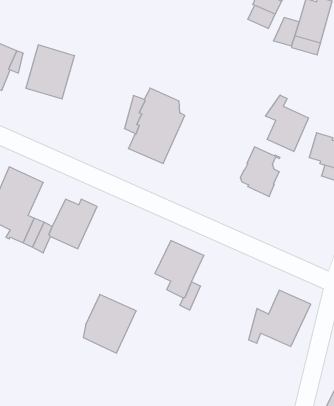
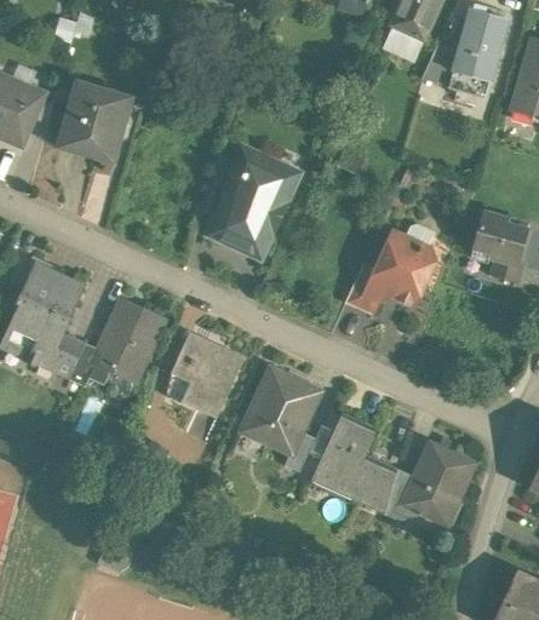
building: [266,95,308,152] -> none
building: none -> [345,263,384,312]
building: none -> [311,412,396,513]
building: [83,294,136,353] -> [165,331,242,417]

